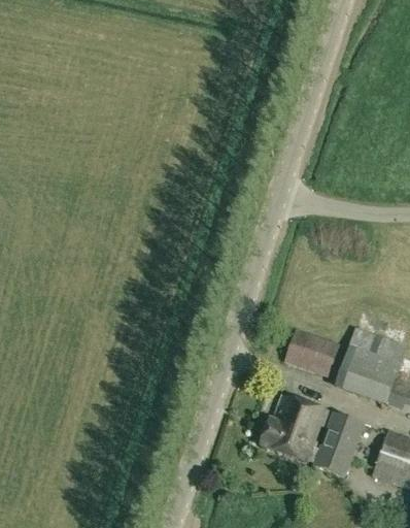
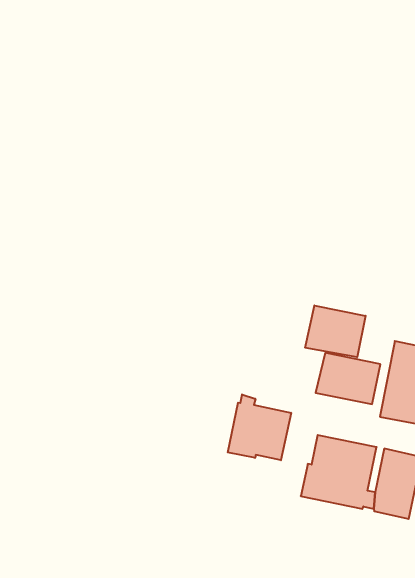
building: none -> [305,305,366,357]
building: none -> [228,394,291,460]

